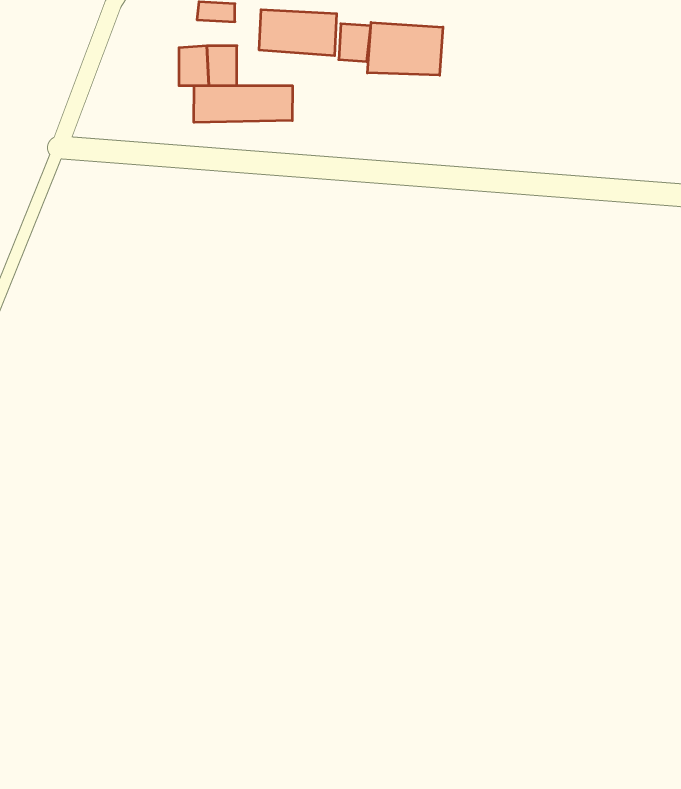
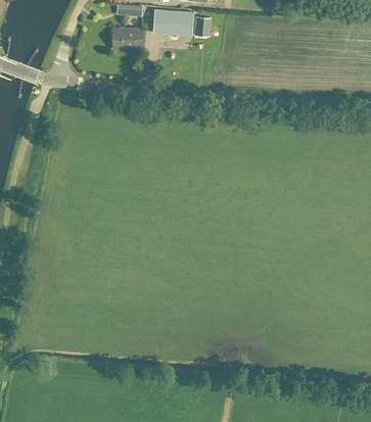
building: [367,22,443,75] -> none
building: [194,86,292,122] -> none

